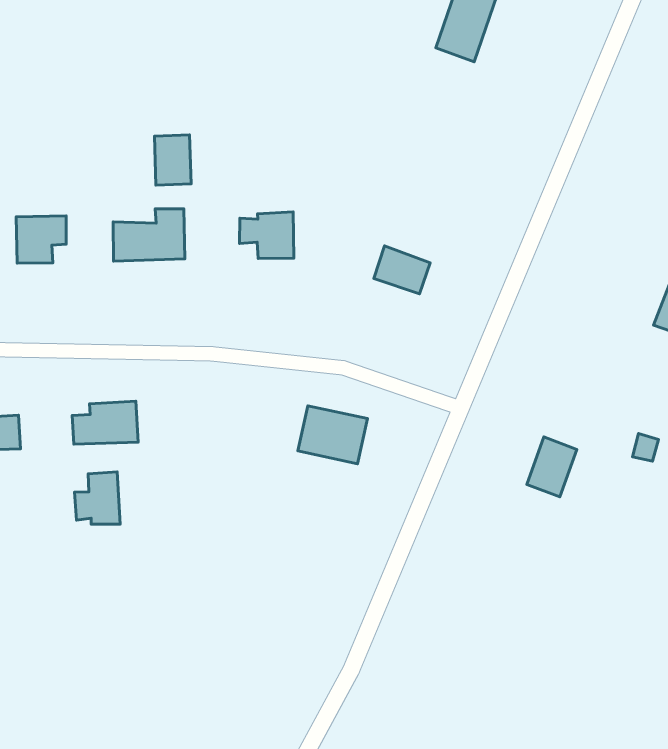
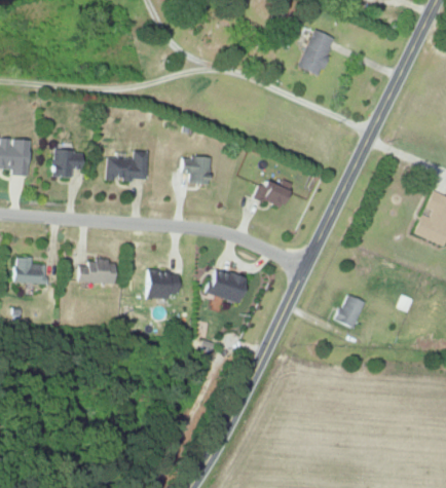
building: [154,135,191,185] -> none
building: none -> [146,271,180,298]
building: [74,472,120,524] -> none

